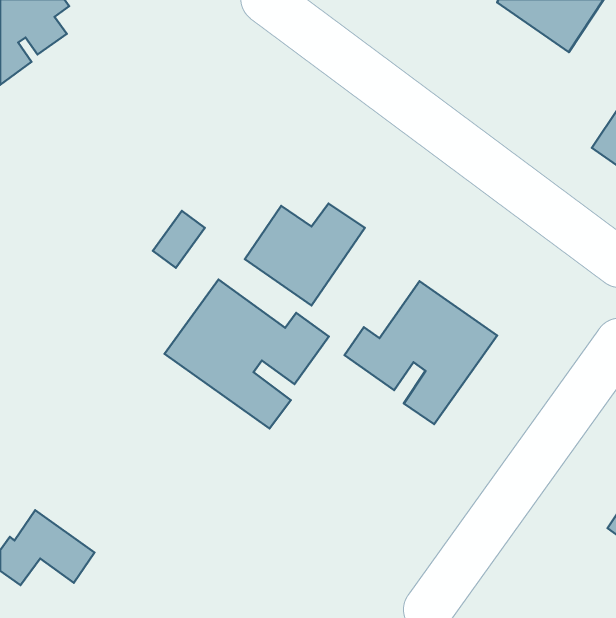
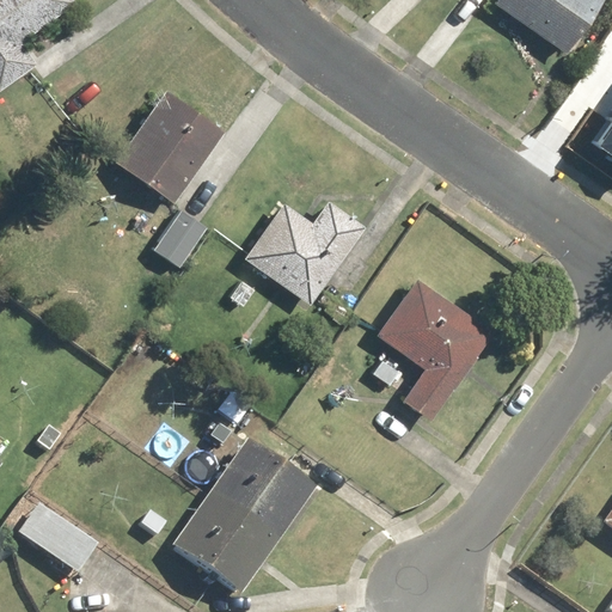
building: none -> [117,85,227,201]
building: [165,280,329,428] -> none
building: none -> [175,443,314,594]

